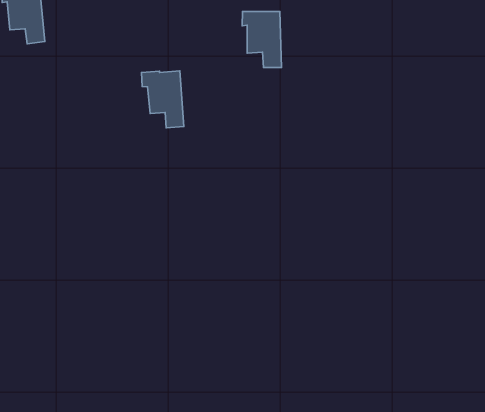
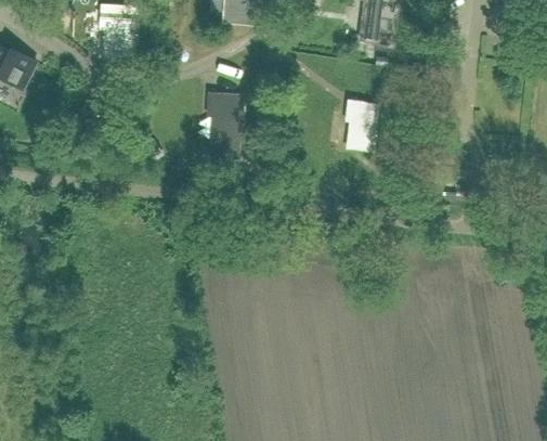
building: [242,11,281,68] -> [346,100,379,152]

